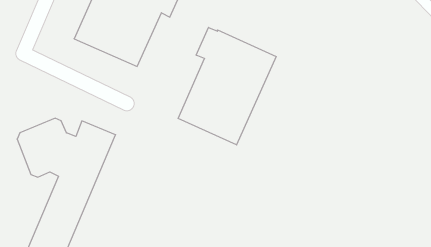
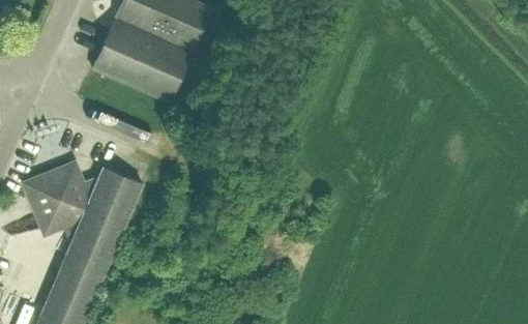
building: [178,27,276,145] -> none

